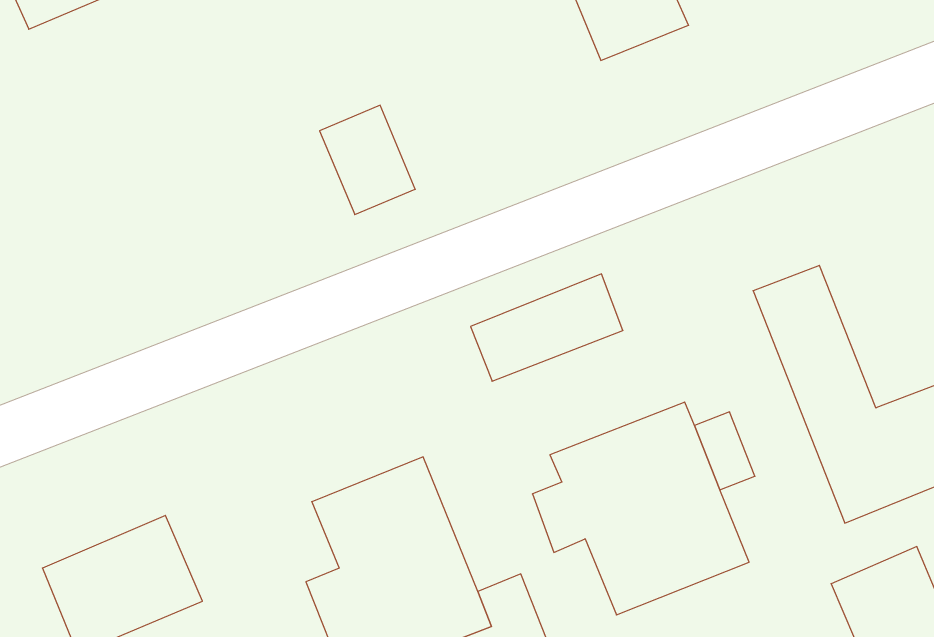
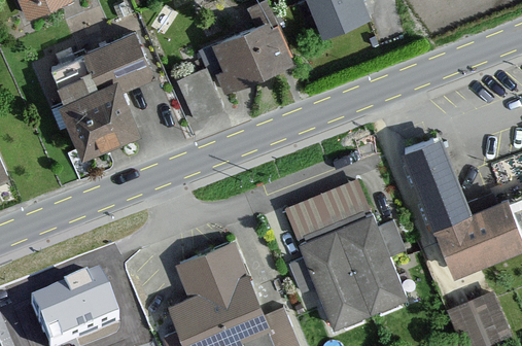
building: none -> [215,19,293,88]
building: none -> [47,30,156,155]
building: [471,274,623,381] -> [287,181,368,238]

